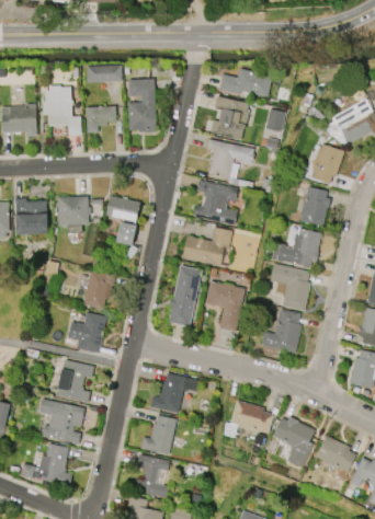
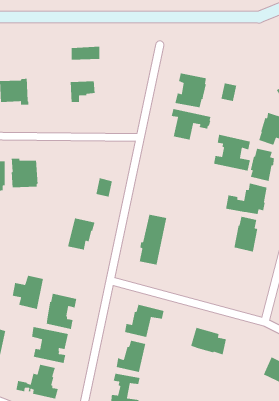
building: [219,68,272,96] -> none
building: [127,78,156,132] -> none
building: [42,85,81,136] -> none
building: [193,180,238,224] -> [213,134,251,172]
building: [105,195,140,221] -> none
building: [57,196,91,233] -> none
building: [182,227,232,265] -> none
building: [205,280,245,332] -> none
building: [261,309,302,353] -> none
building: [68,312,106,354] -> [12,275,44,310]
building: [273,416,315,468] -> none

